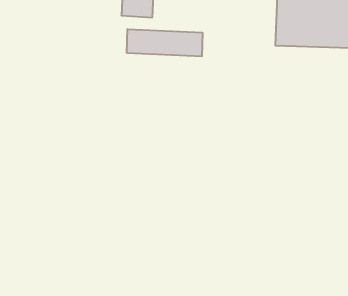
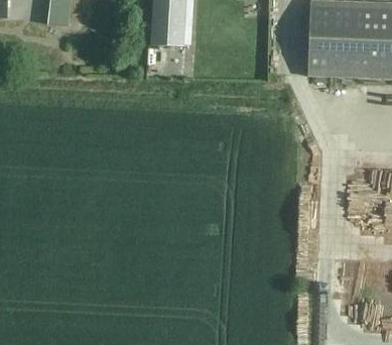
building: [127,29,202,56] -> none

